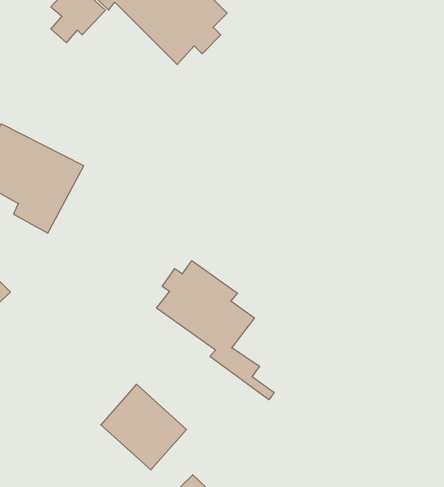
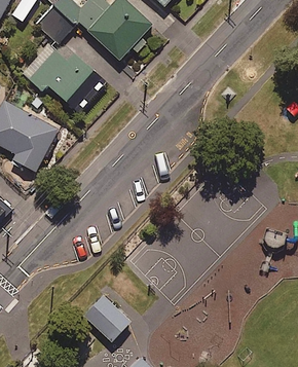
building: none -> [30,43,109,115]
building: [157,261,274,400] -> none

